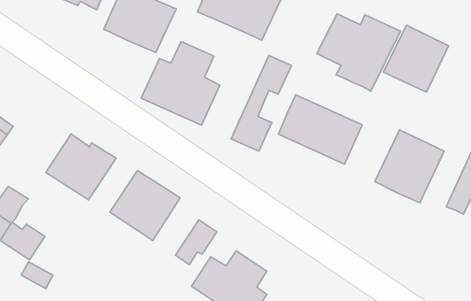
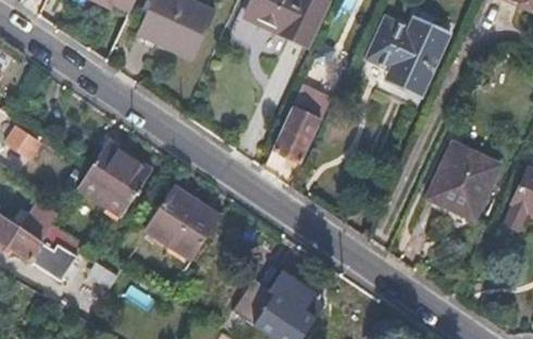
building: [384,25,449,92] -> none
building: [141,41,220,125] -> none
building: [278,95,362,164] -> none
building: [175,220,217,264] -> none

